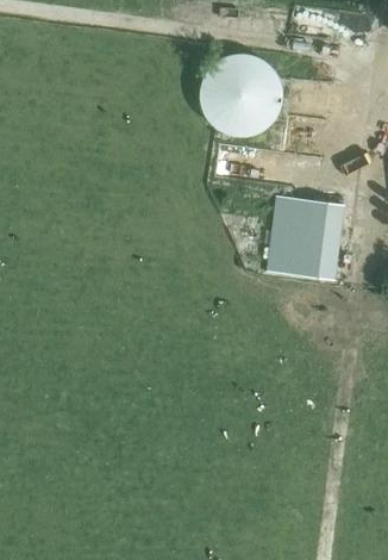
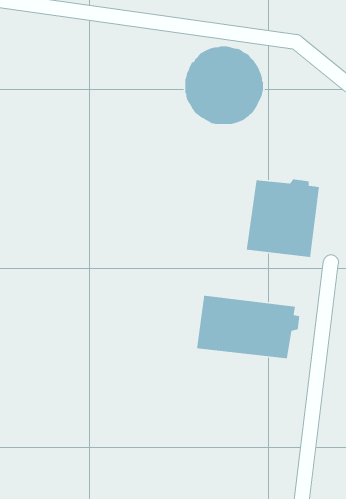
building: none -> [196,295,300,359]

